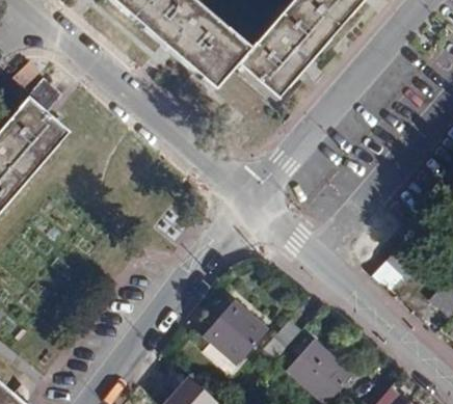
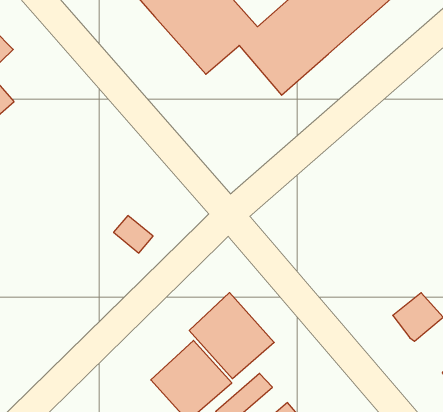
building: none -> [189,293,274,379]

